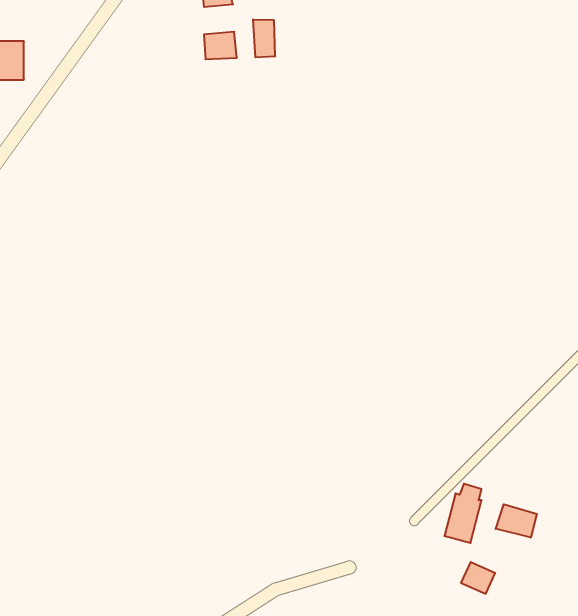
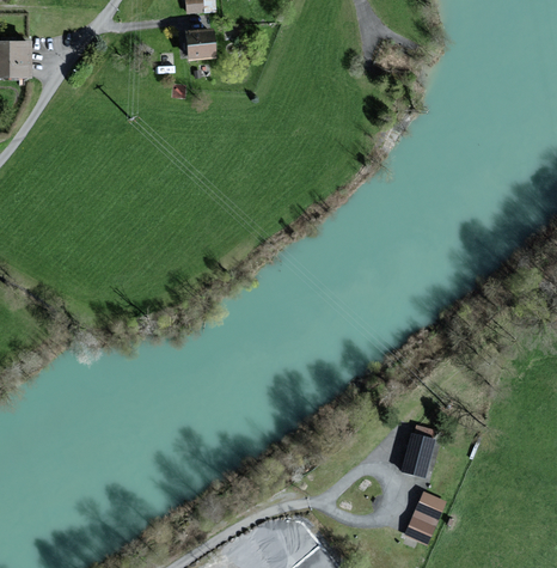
building: [253,19,275,57] -> none
building: [496,504,537,538] -> none

